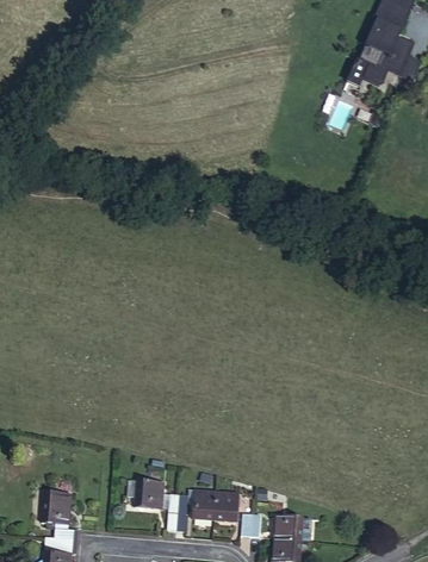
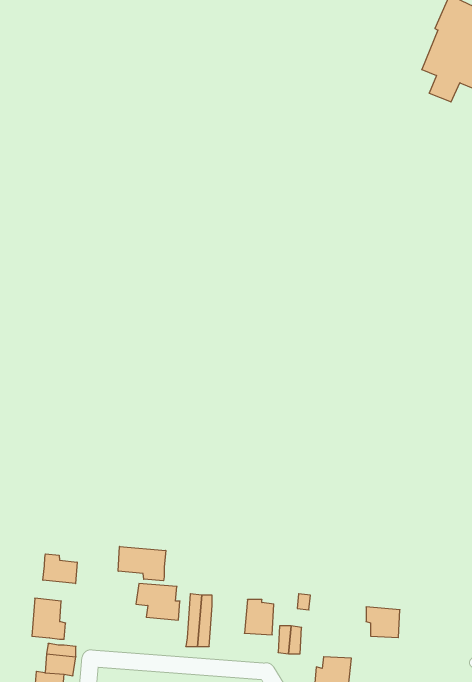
building: none -> [118,546,166,581]
building: none -> [43,554,77,584]
building: [193,491,217,519] -> none
building: [275,514,303,539] -> [366,607,400,638]

